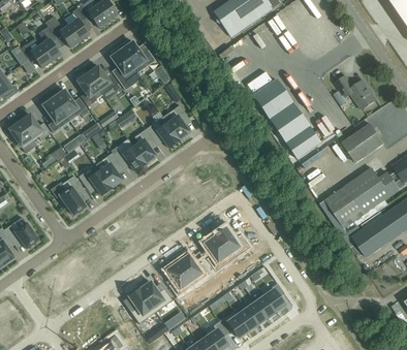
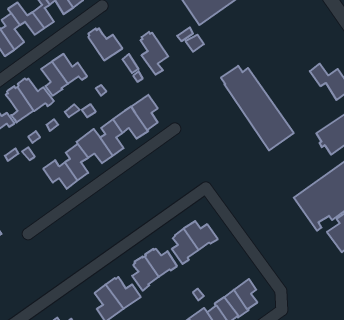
building: [111,47,137,89] -> [140,32,168,75]
building: [59,174,86,215] -> none

